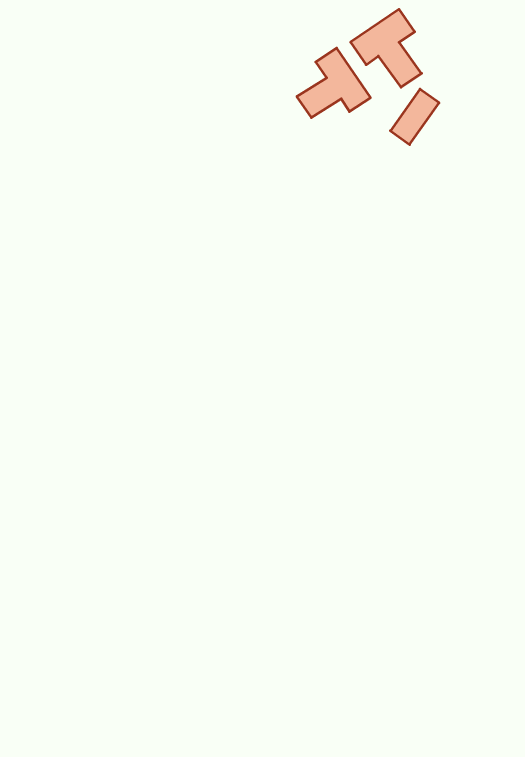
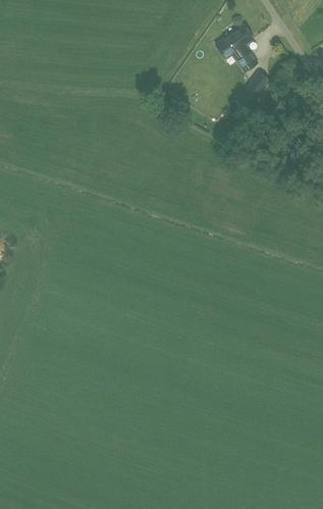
building: [297,48,370,118] -> none

